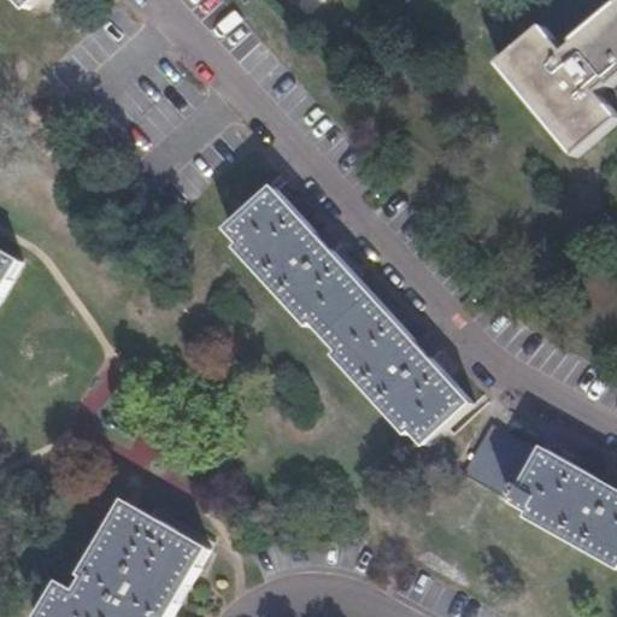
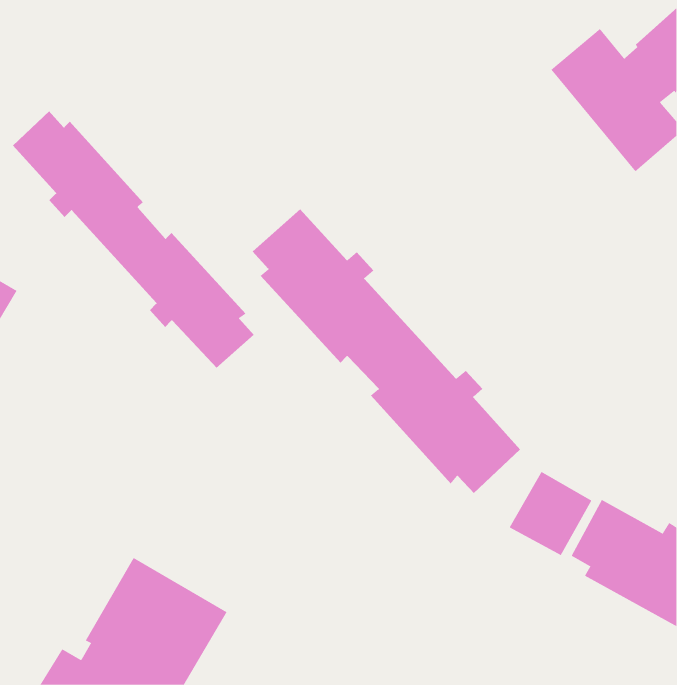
building: none -> [12,111,255,369]

